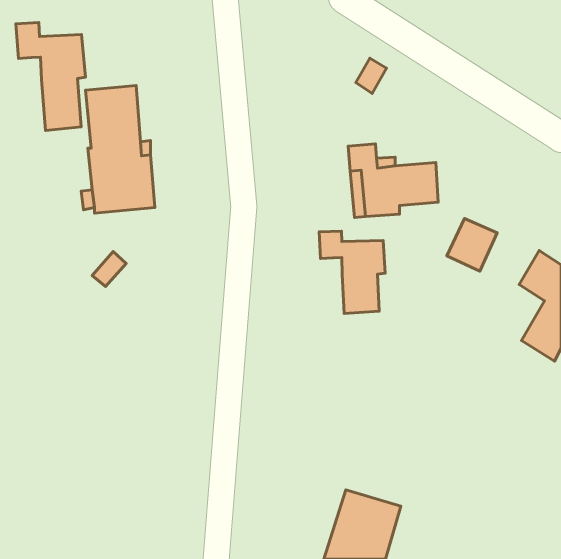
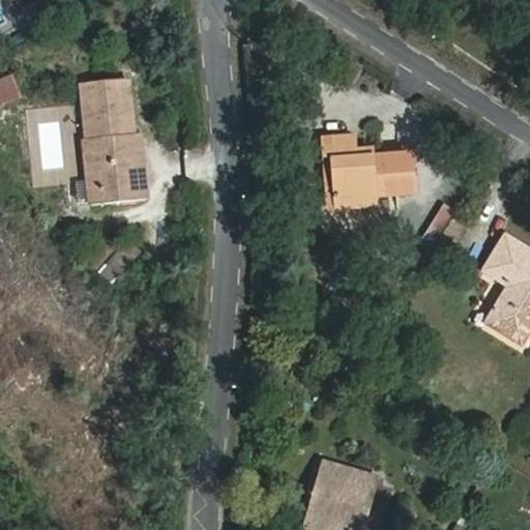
building: [16,23,85,131] -> none
building: [319,231,385,314] -> none

